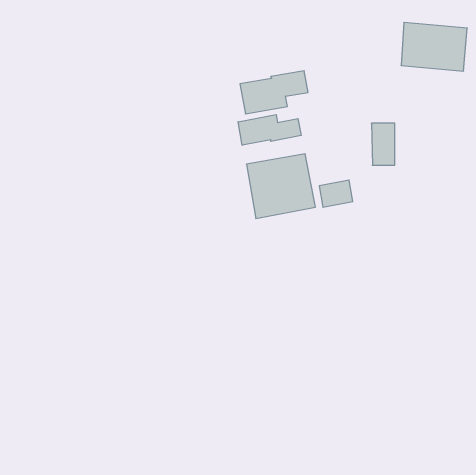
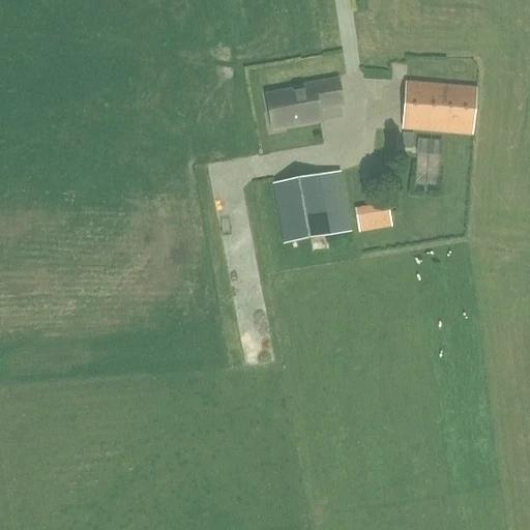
building: [401,23,467,71] -> [404,80,477,134]
building: [238,115,301,145] -> none

